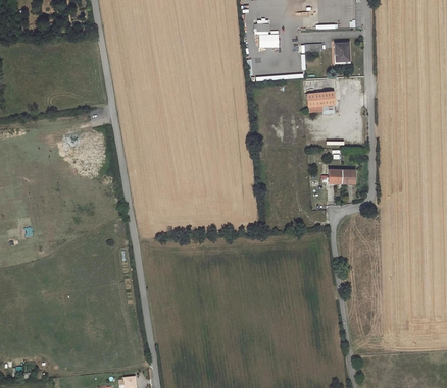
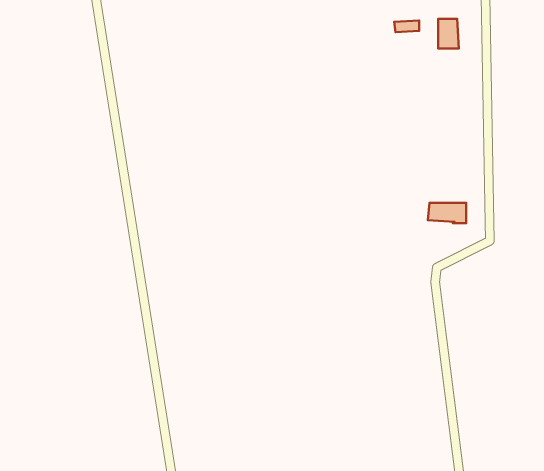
building: [303,84,332,107] -> none

